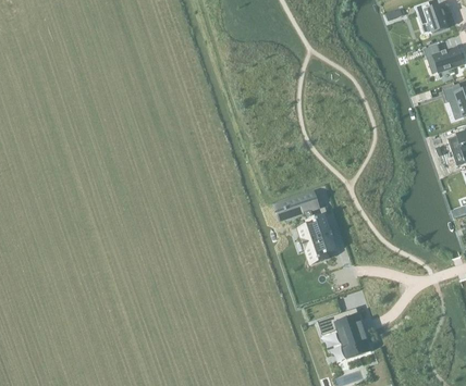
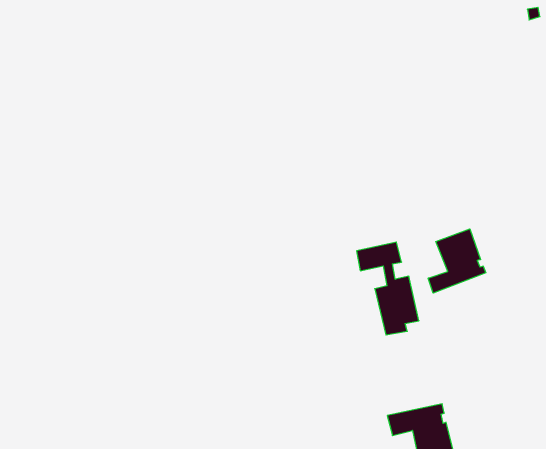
building: none -> [428,229,486,293]

